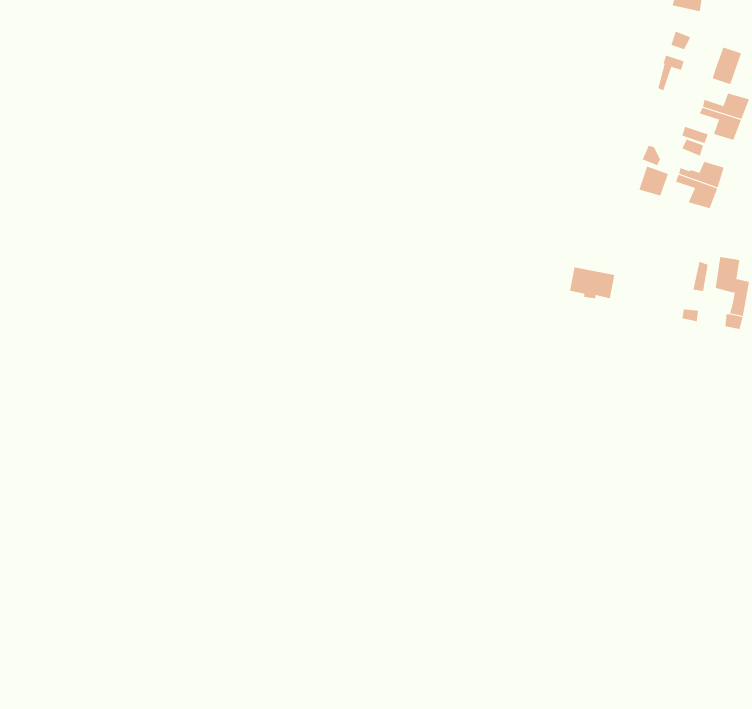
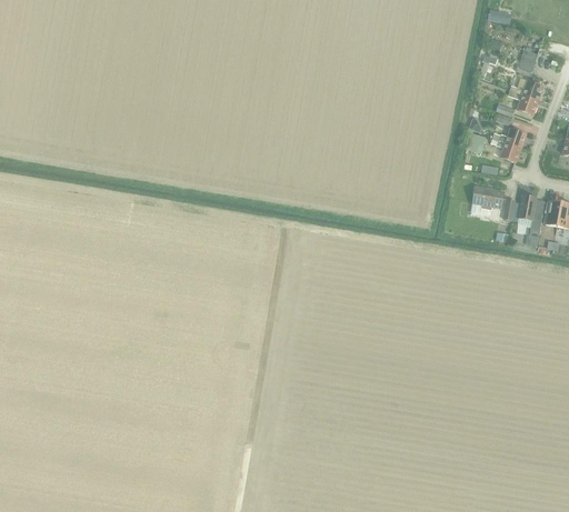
building: [569,267,615,299] -> [472,187,505,209]

